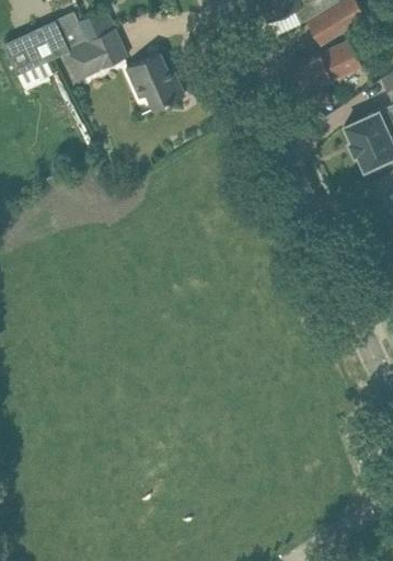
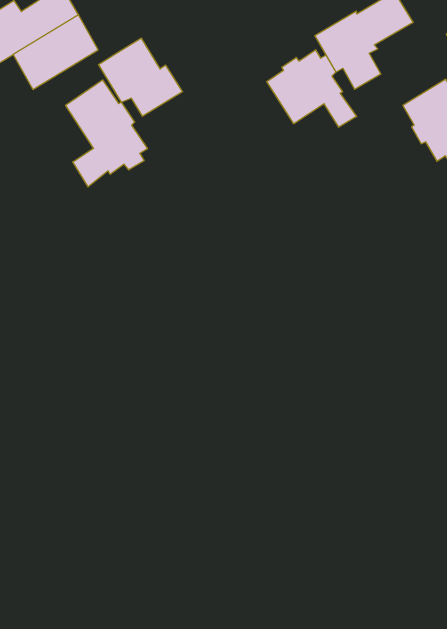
building: none -> [267,50,357,127]
building: none -> [66,80,147,187]

